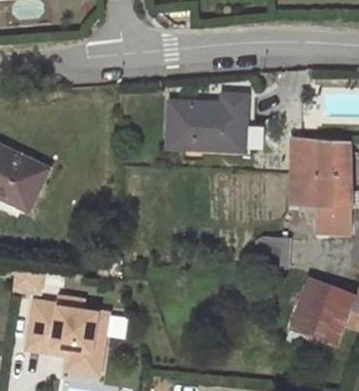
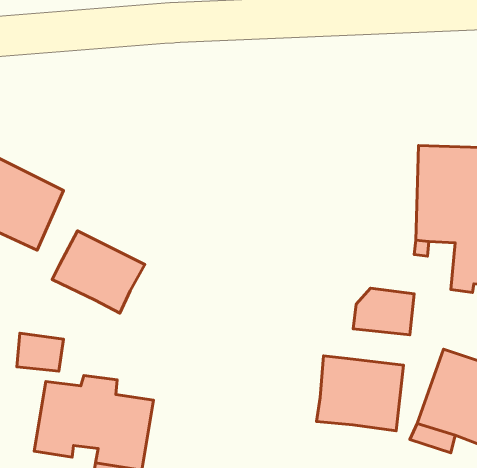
building: [167,94,245,149] -> none
building: none -> [52,231,145,313]
building: none -> [316,356,403,431]

